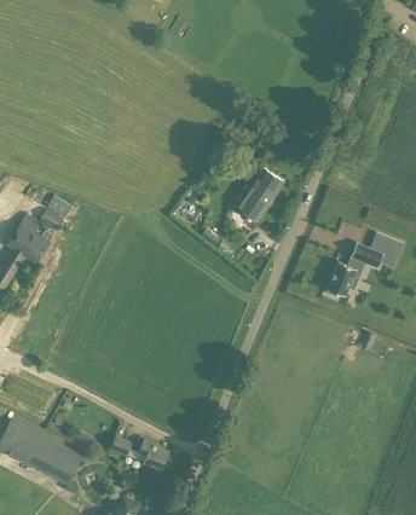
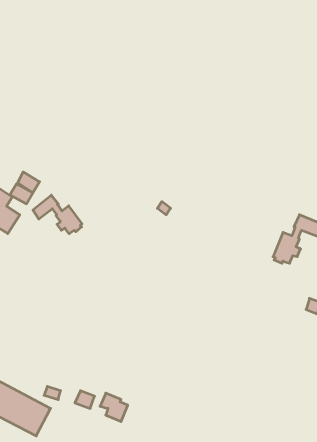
building: [236,167,284,221] -> none
building: none -> [33,195,82,234]

